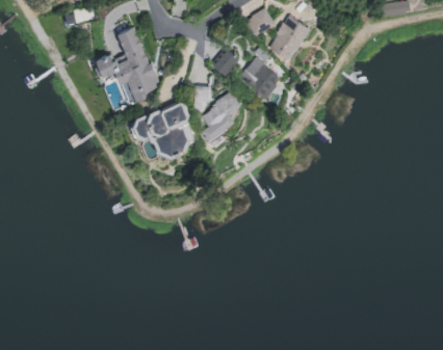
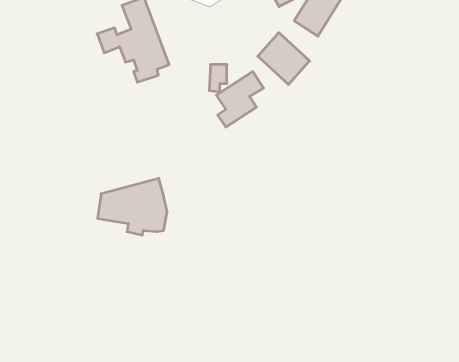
building: [211,48,239,76] -> none
building: [130,101,191,151] -> [98,178,167,235]

